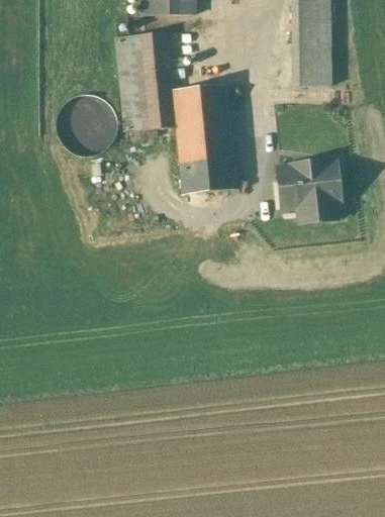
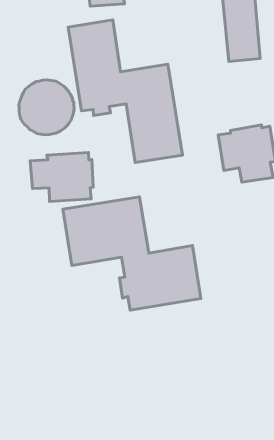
building: none -> [30,153,93,201]
building: none -> [63,197,201,310]

